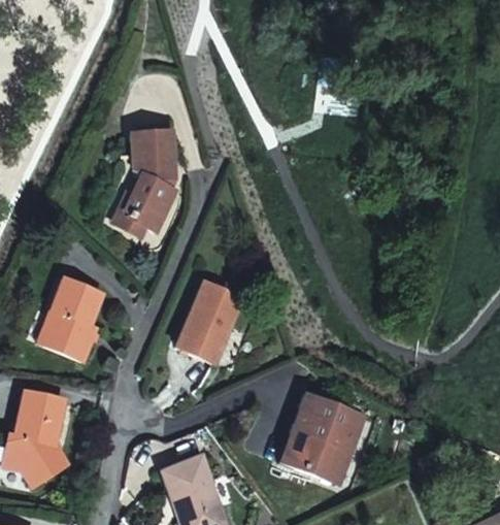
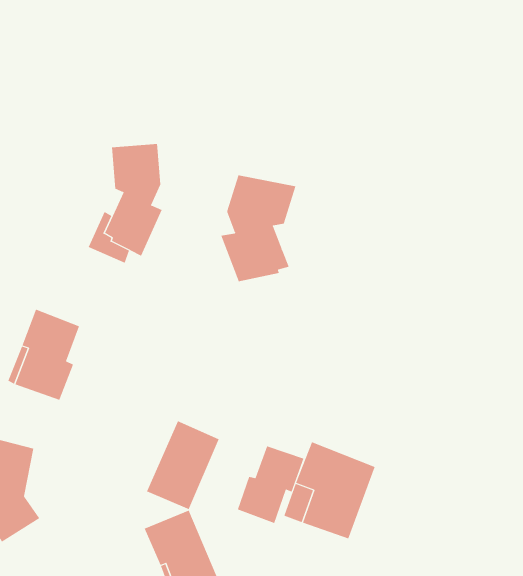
building: none -> [221,174,296,282]
building: [177,282,242,361] -> [146,420,219,510]
building: none -> [237,446,304,524]

